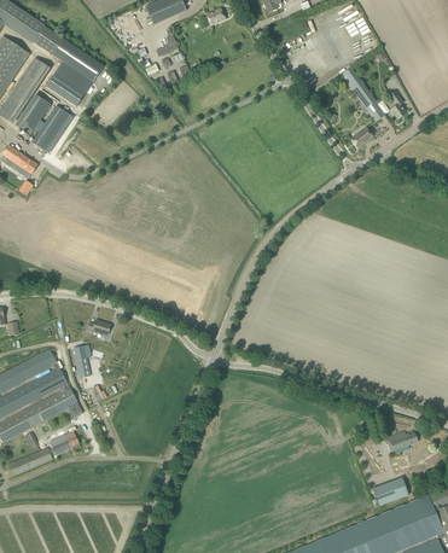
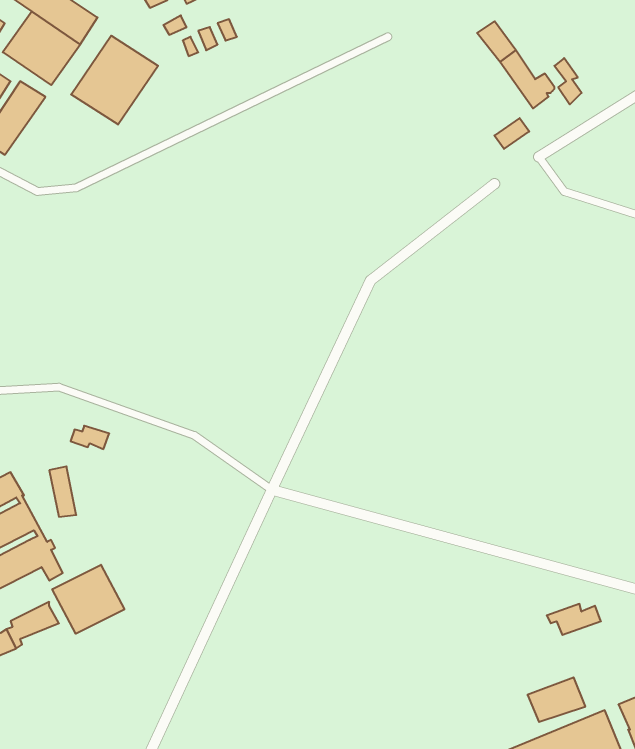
building: none -> [71,36,158,125]
building: none -> [52,565,124,634]

